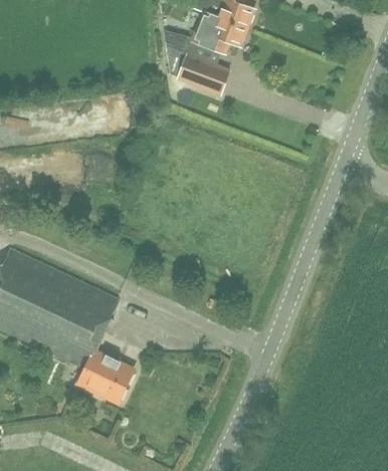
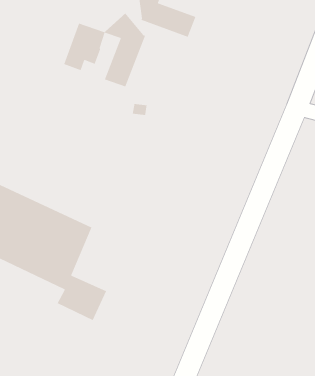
building: none -> [63,12,146,88]

